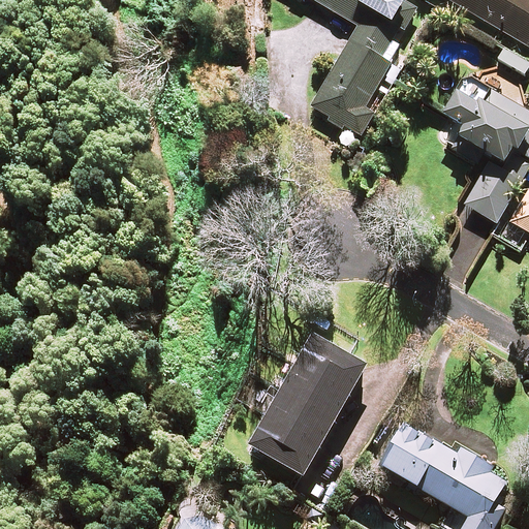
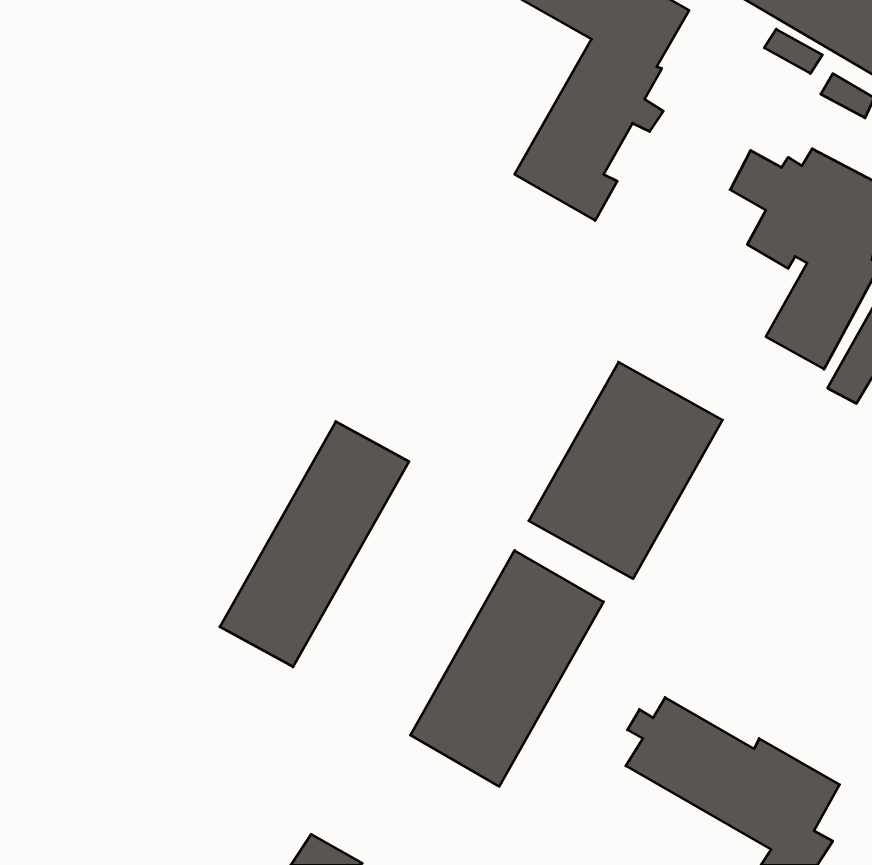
building: none -> [529,362,723,579]
building: none -> [220,421,409,667]

